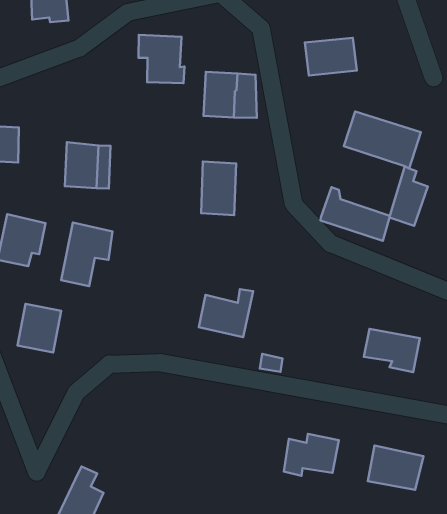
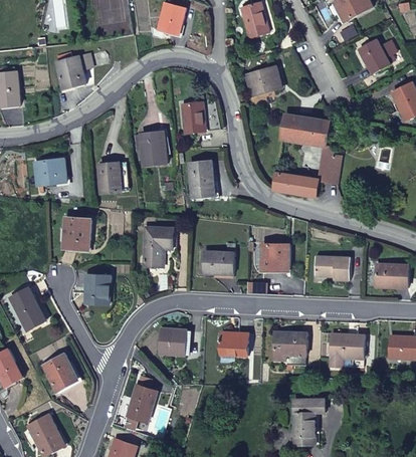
building: [138,35,184,83] -> [134,132,168,165]
building: [61,223,113,286] -> [144,226,173,266]
building: none -> [261,244,288,270]
building: none -> [158,327,187,354]
building: none -> [220,332,248,355]

